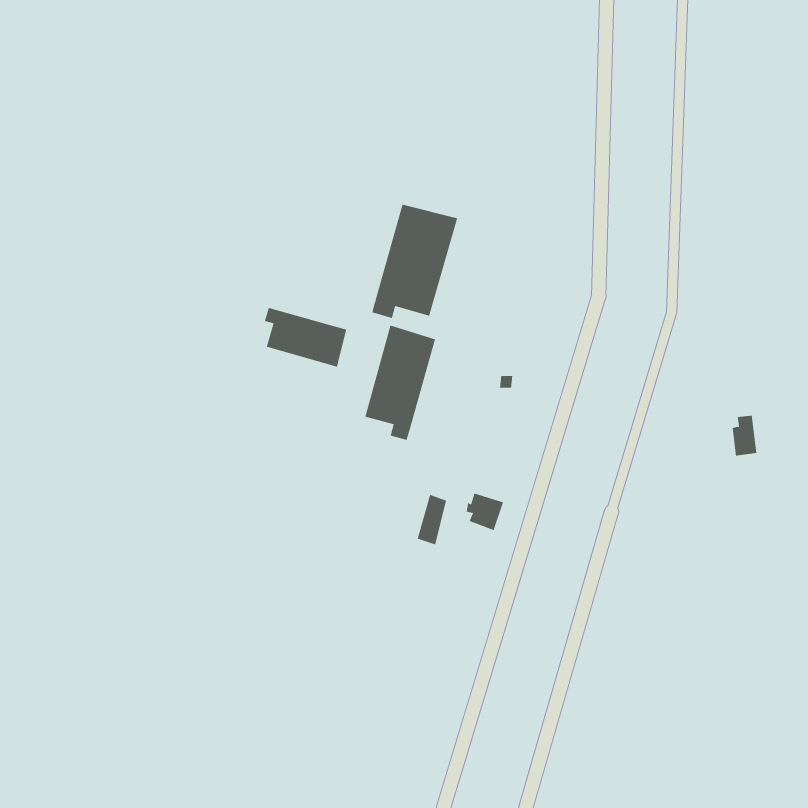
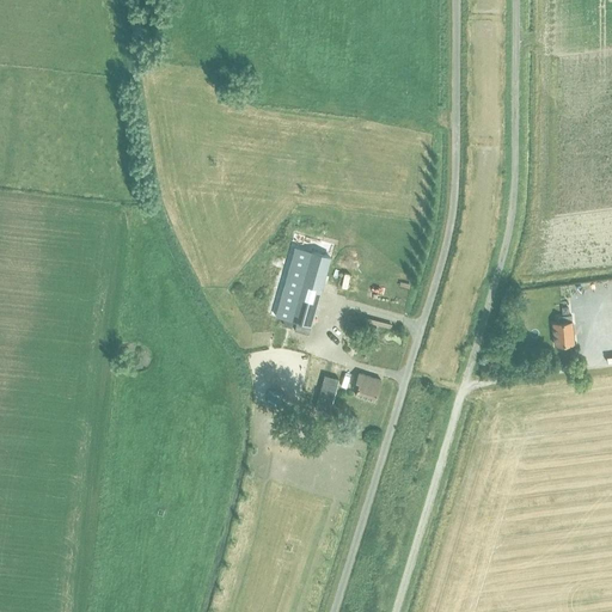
building: [372,204,458,319] -> none
building: [264,307,347,368] -> none

